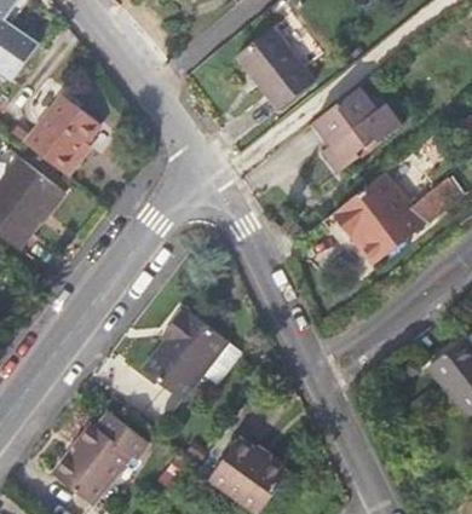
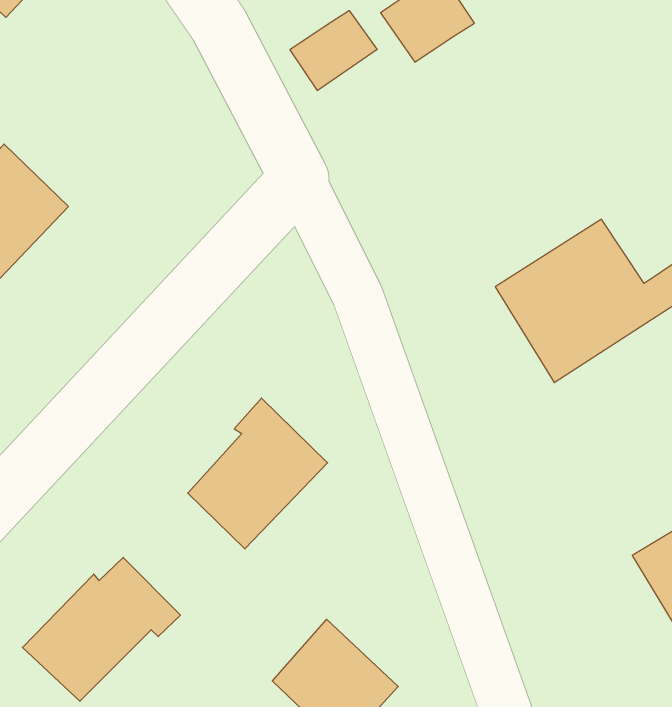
building: [261,56,315,106] -> [290,11,377,90]
building: [310,85,399,171] -> none
building: [22,98,94,178] -> none

